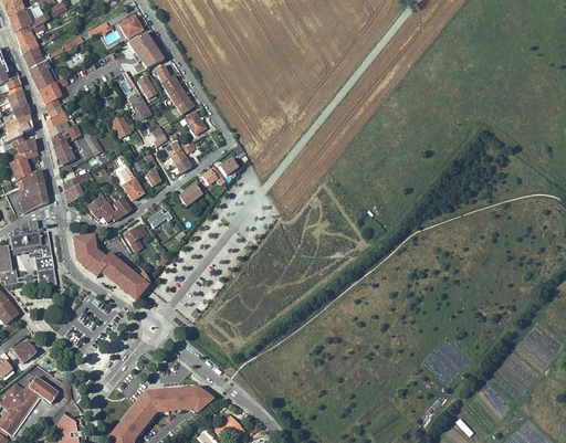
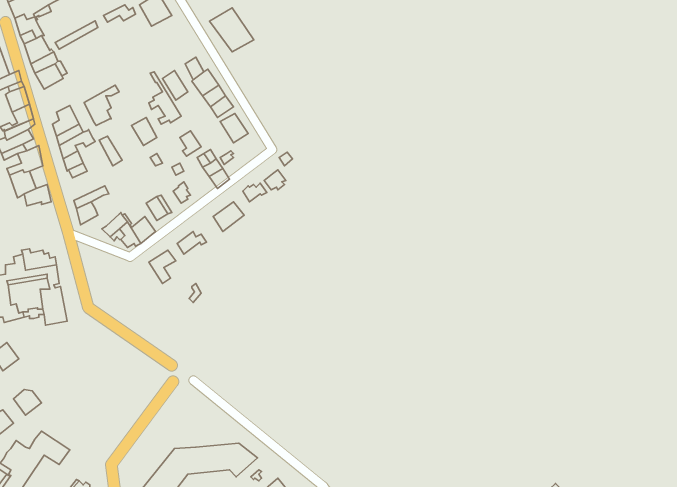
building: [127,34,164,71] -> [210,8,254,52]
building: [39,77,67,110] -> [84,85,119,125]
building: [19,184,49,213] -> none
building: [73,236,150,305] -> none

